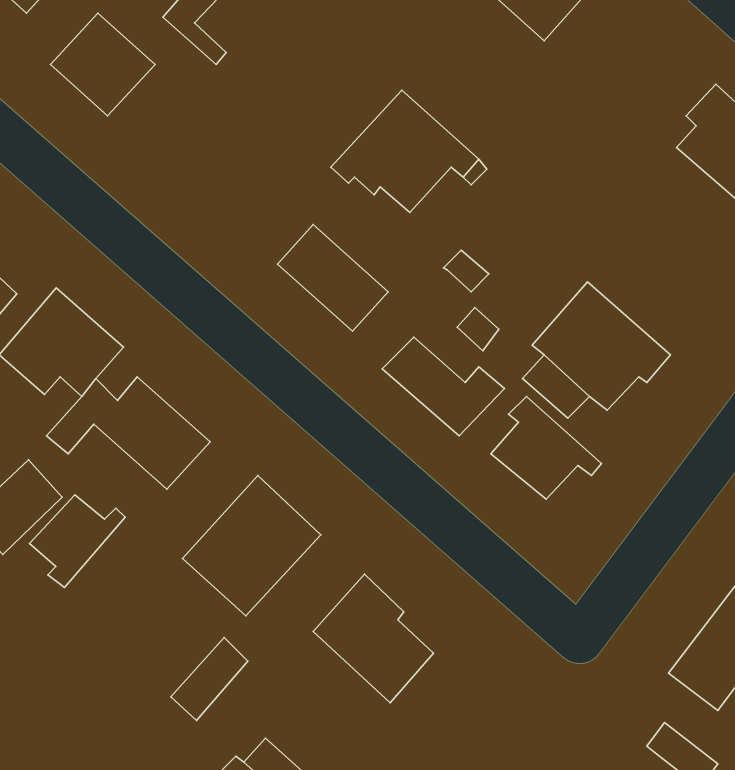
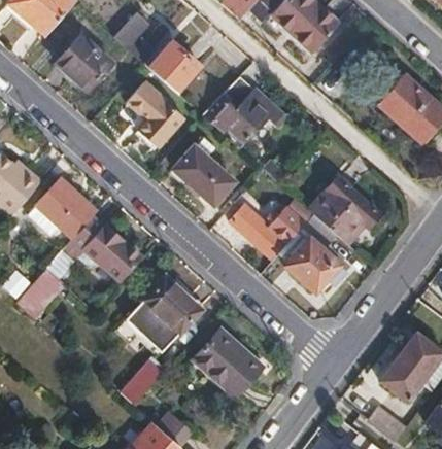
building: none -> [149,41,200,92]
building: none -> [128,83,183,150]
building: [30,495,125,588] -> none

